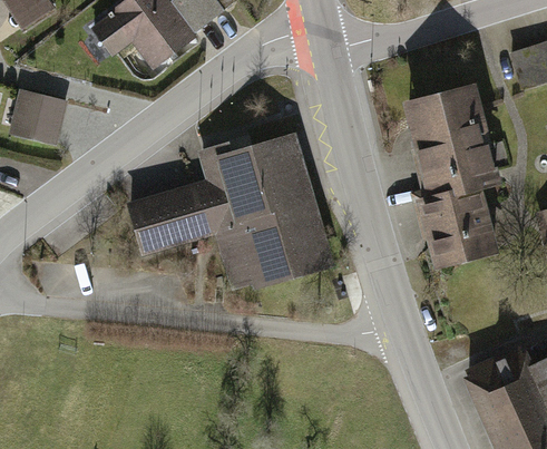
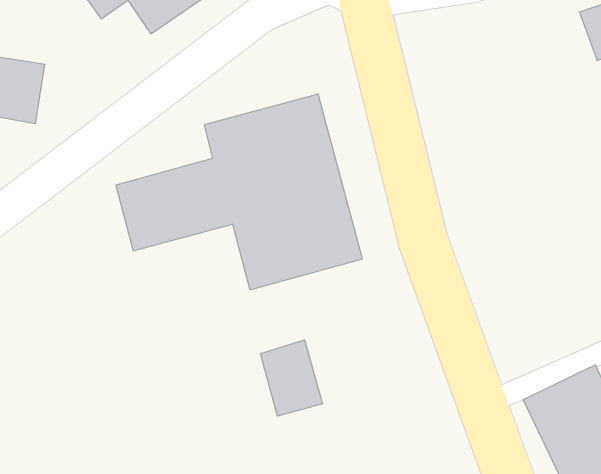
building: [407,78,506,269] -> none
building: none -> [261,340,323,416]

